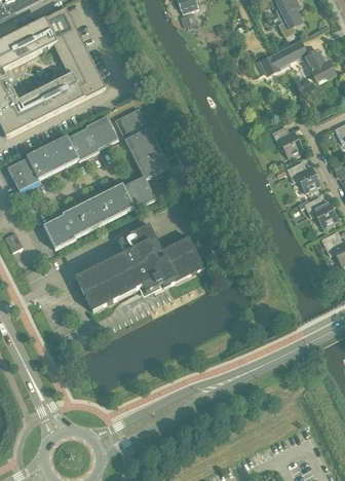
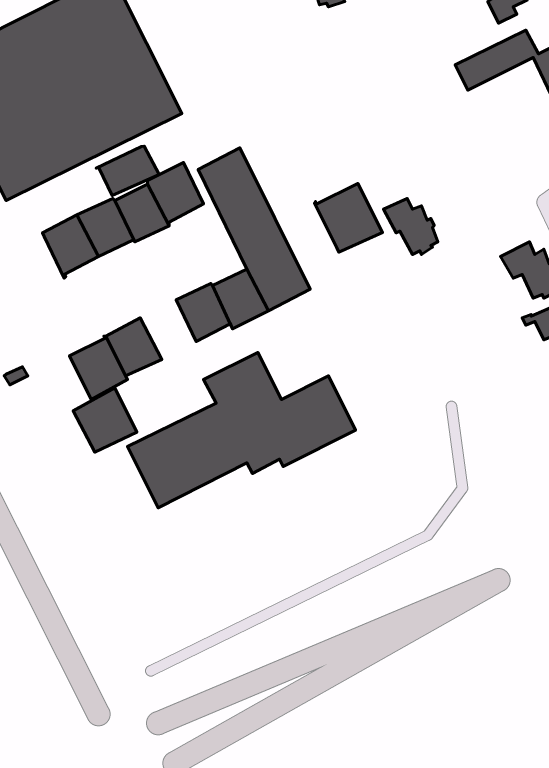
building: none -> [96,146,159,196]
building: [271,124,302,156] -> [384,198,438,255]
building: none -> [314,183,382,252]
building: [6,156,38,190] -> none
building: [81,192,113,226] -> none
building: none -> [73,388,137,452]

